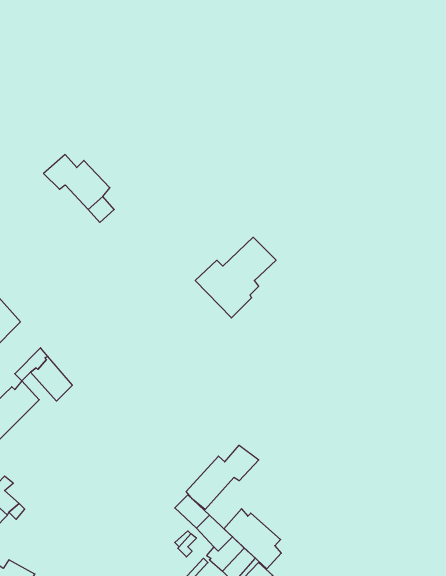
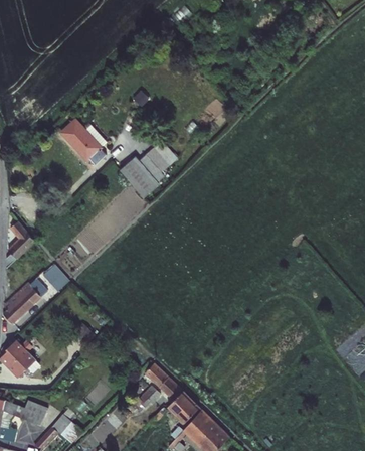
building: [195,237,276,318] -> [120,139,176,195]
building: [186,445,259,509] -> none
building: [224,509,281,569] -> none

